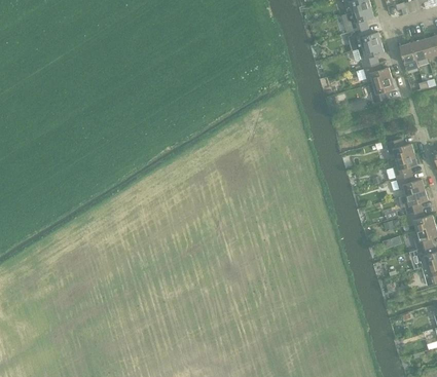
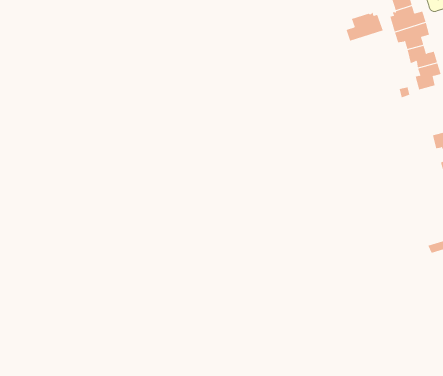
building: none -> [346,12,384,42]

